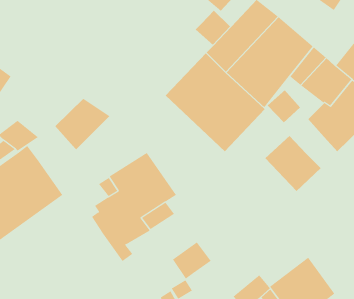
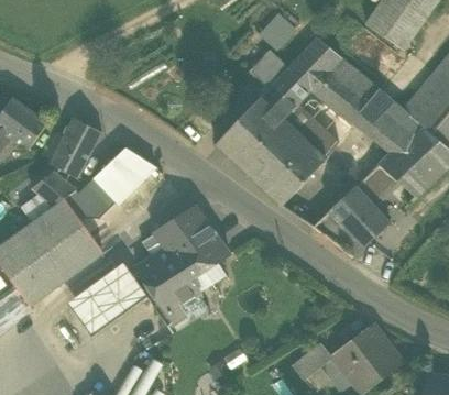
building: none -> [50,117,102,178]
building: [267,89,301,123] -> [353,169,391,207]
building: none -> [64,177,114,217]
building: none -> [67,262,146,336]
building: [172,242,212,280] -> none

